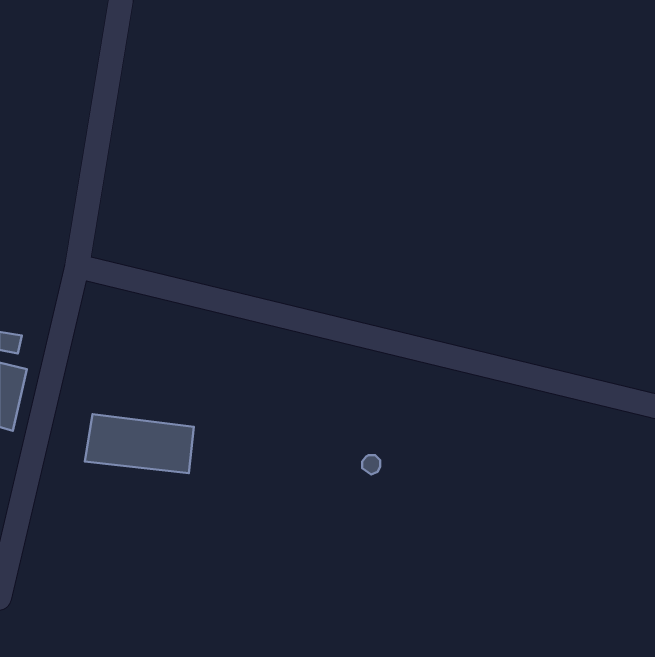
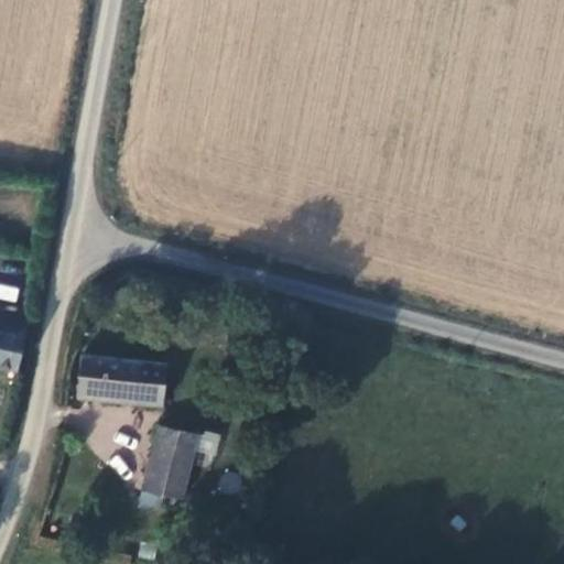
building: none -> [140,425,197,508]

